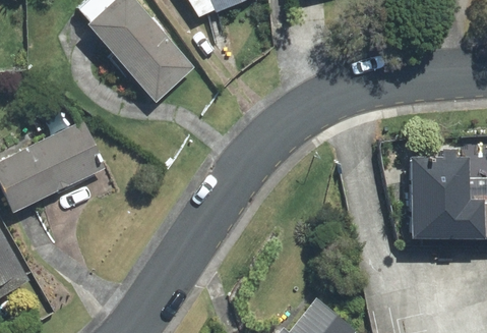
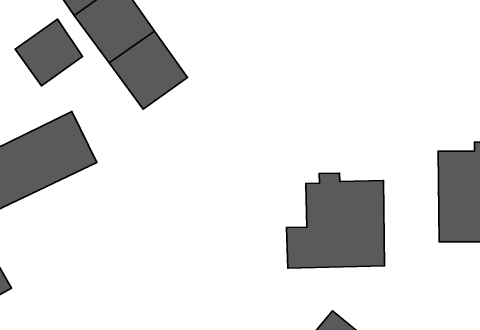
building: none -> [15,19,82,86]
building: none -> [287,173,385,268]

